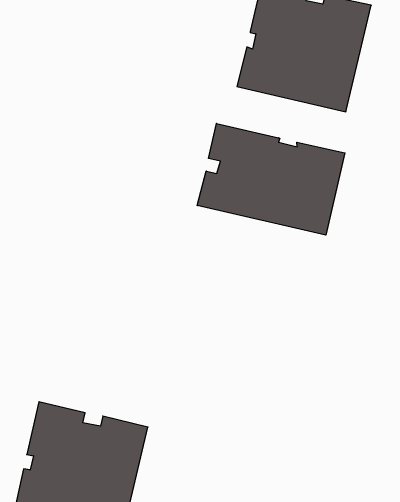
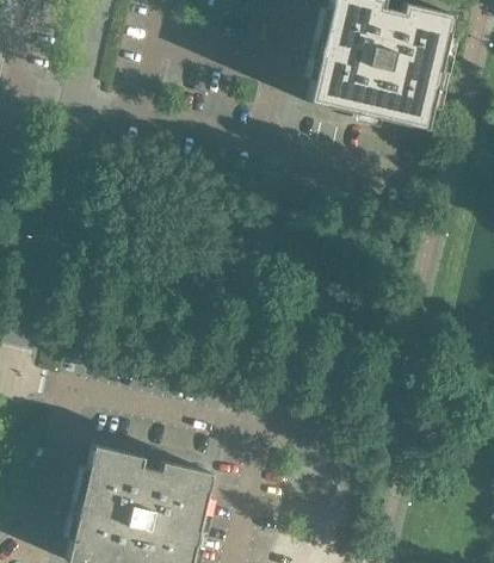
building: [197,123,345,235] -> none

